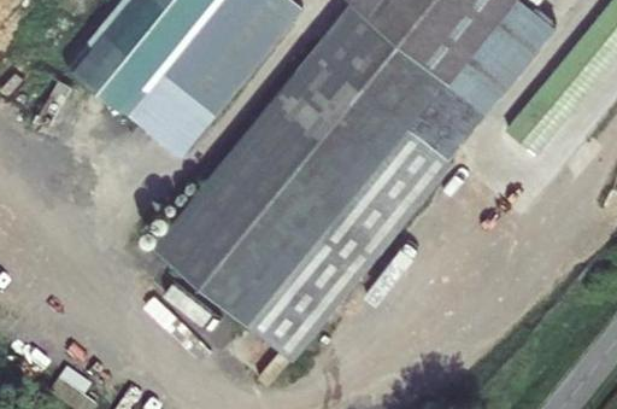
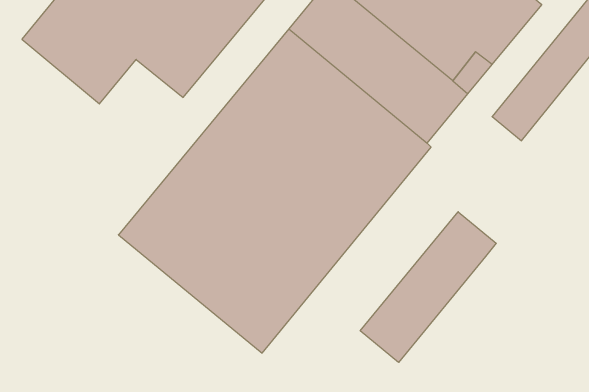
building: [135,81,215,159] -> none
building: none -> [360,212,496,362]

